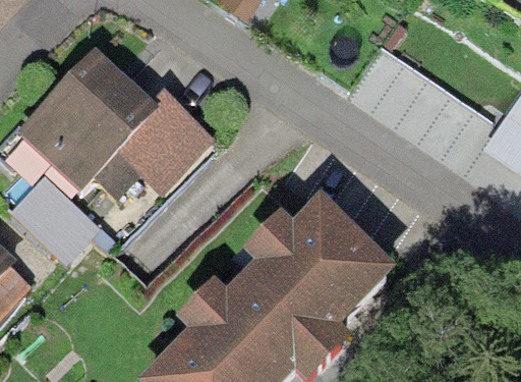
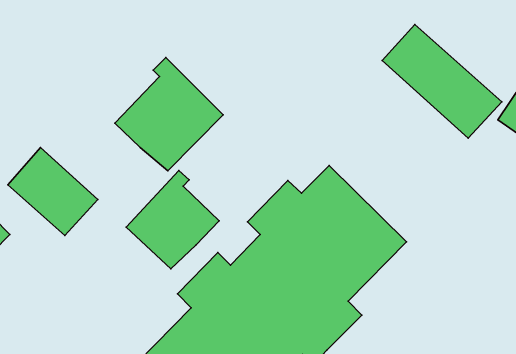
building: [19,48,158,199] -> none
building: none -> [126,170,219,269]

